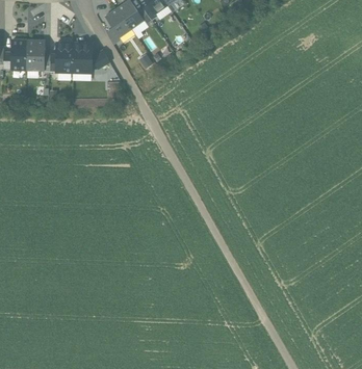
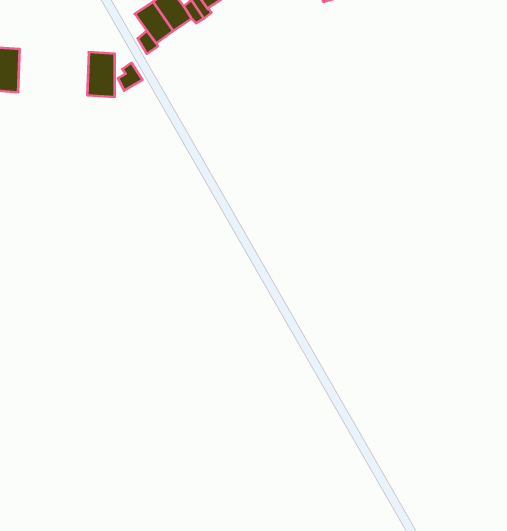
building: [26,41,44,70] -> none
building: [56,43,74,72] -> none

